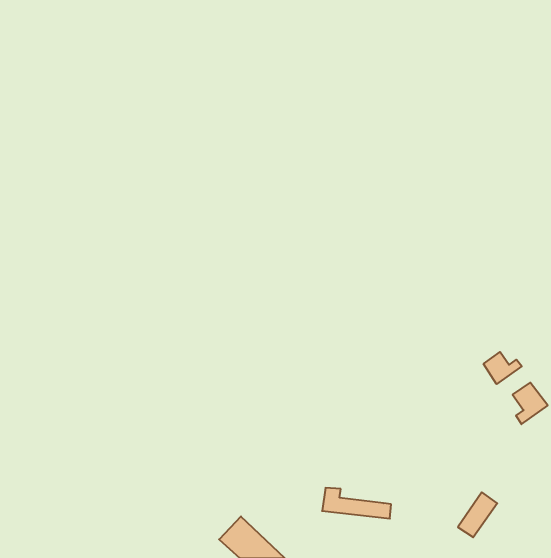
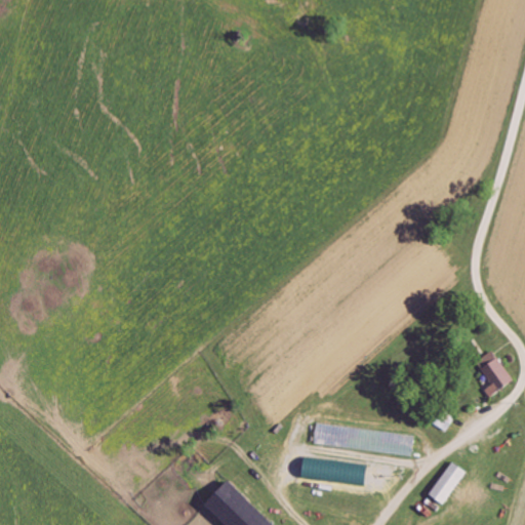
building: [484,352,522,384] -> none
building: none -> [311,422,411,456]

